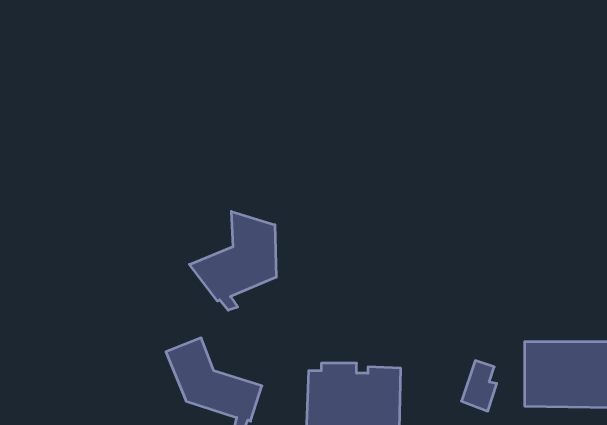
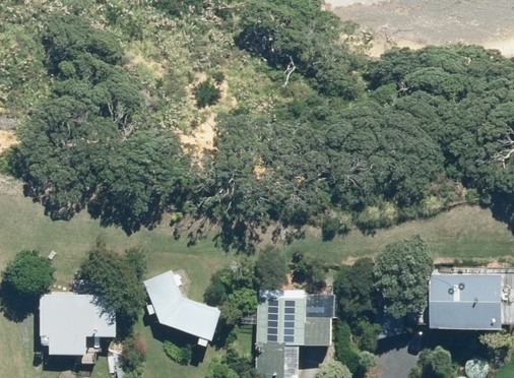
building: [189,211,276,310] -> none
building: none -> [41,309,114,337]

